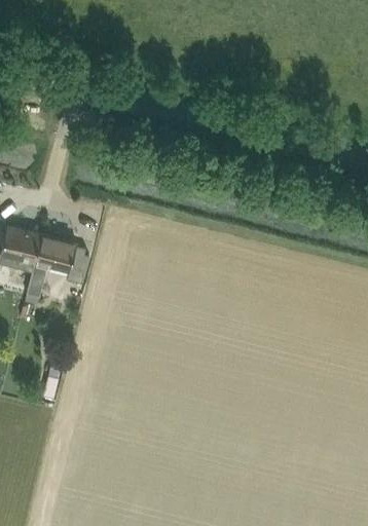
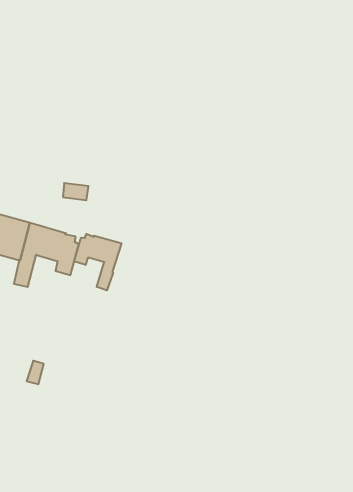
building: none -> [74,234,121,290]

